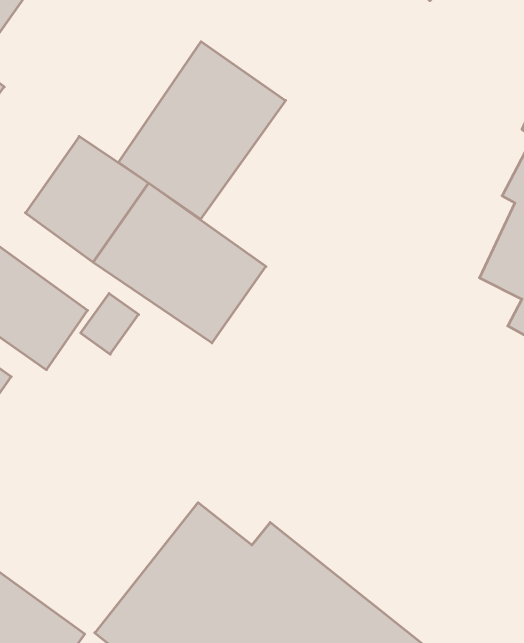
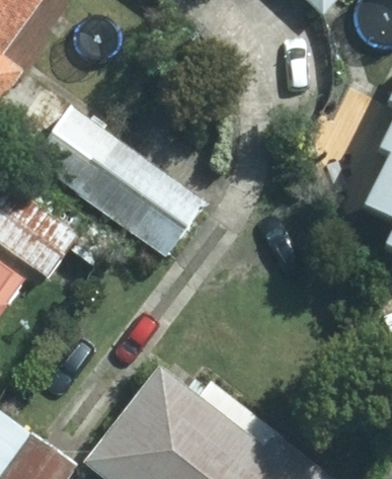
building: [119,42,286,219] -> none

